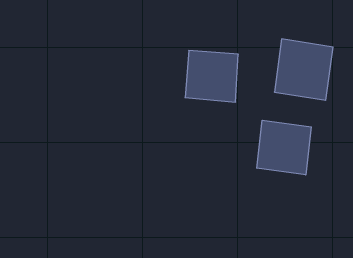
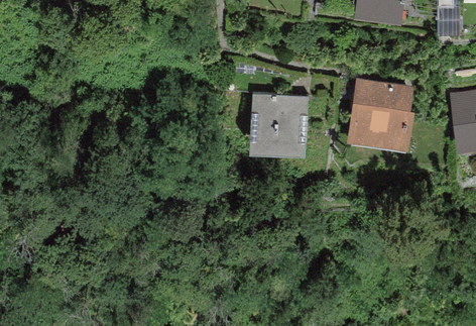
building: [257,120,311,175] -> none

